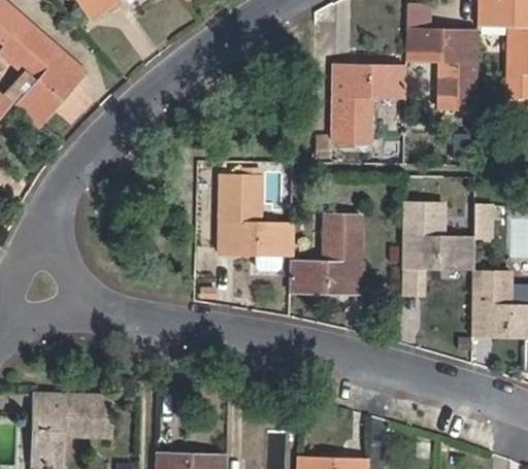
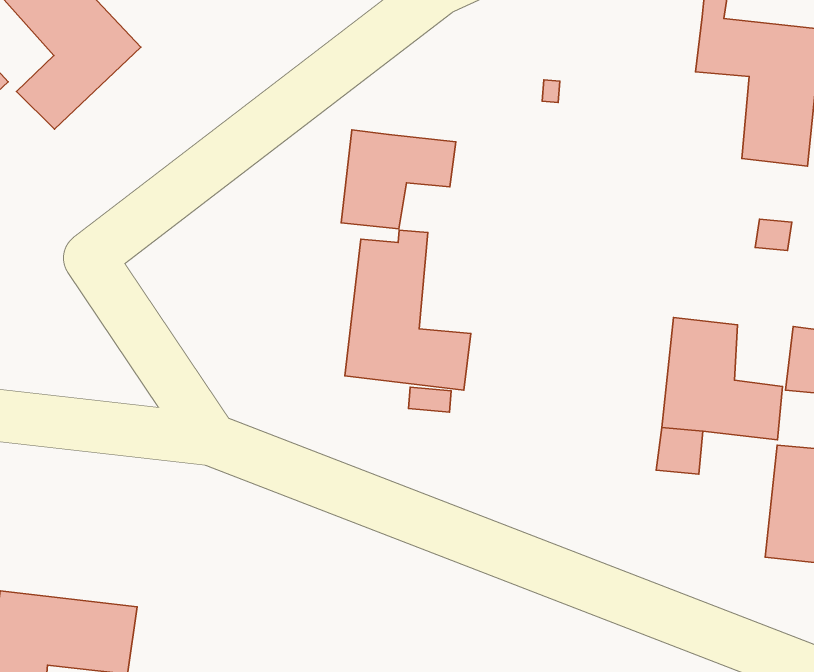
building: [334,65,405,145] -> none
building: none -> [341,130,456,229]
building: [289,213,362,293] -> none

